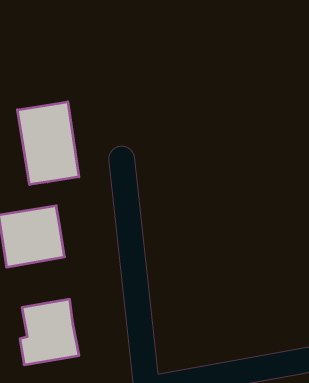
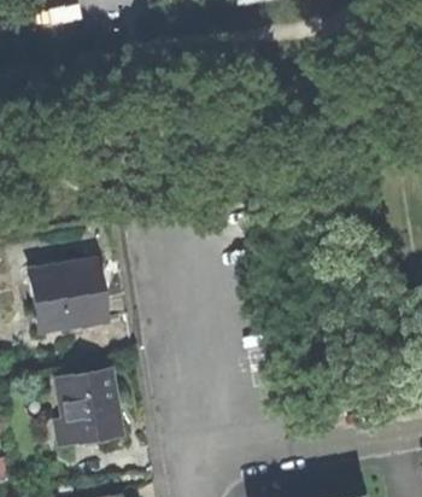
building: [17,102,79,185] -> none

